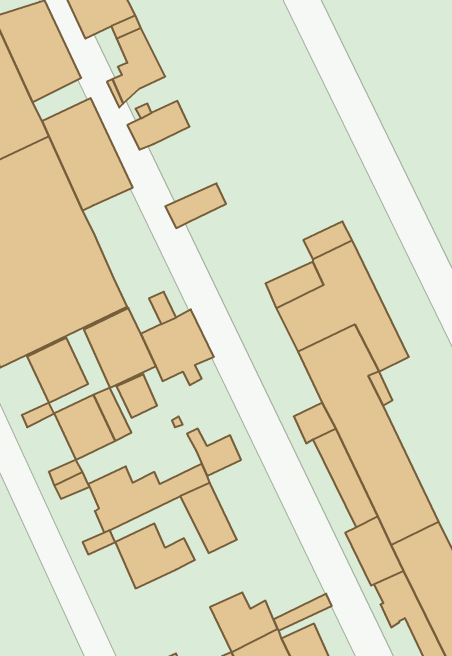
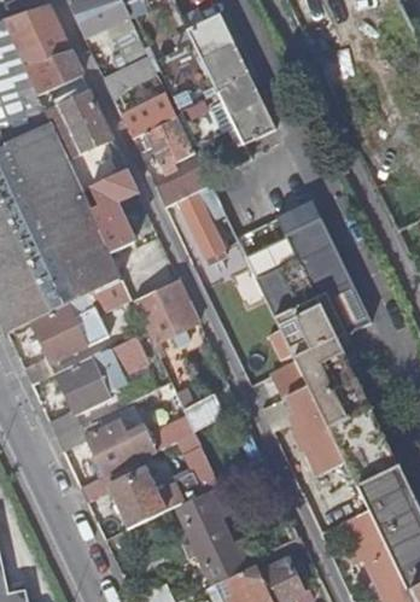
building: none -> [157,16,275,146]
building: none -> [145,117,194,168]
building: none -> [92,171,138,252]
building: none -> [177,186,223,258]
building: none -> [177,485,231,545]

